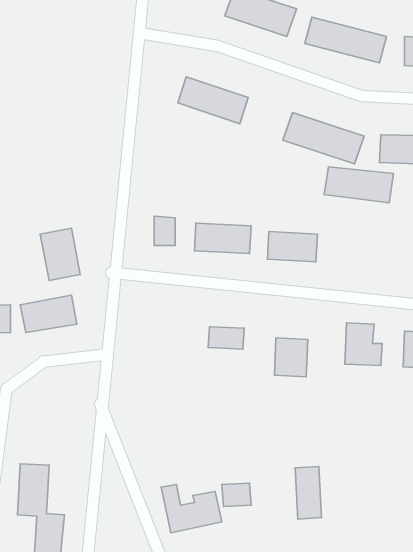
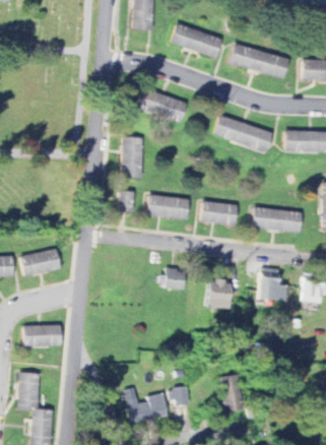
building: none -> [120,137,142,178]
building: [324,167,393,203] -> [252,207,303,234]
building: [40,228,80,281] -> none
building: none -> [23,325,62,346]

